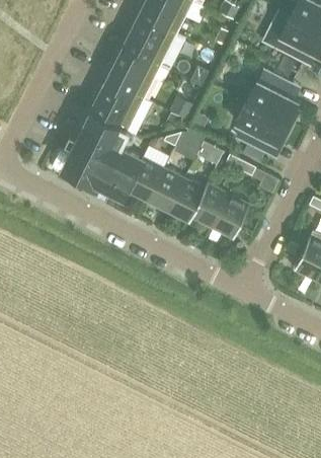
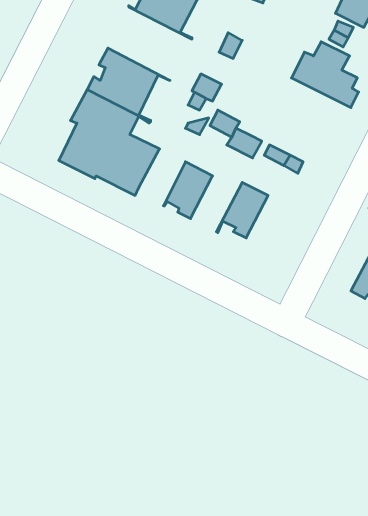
building: [103,46,169,103] -> none
building: [236,101,294,149] -> none
building: [128,157,164,202] -> none
building: [168,178,209,222] -> none
building: [212,194,250,238] -> none

